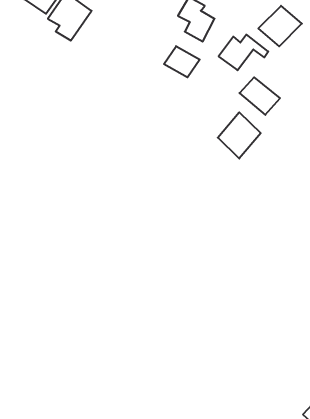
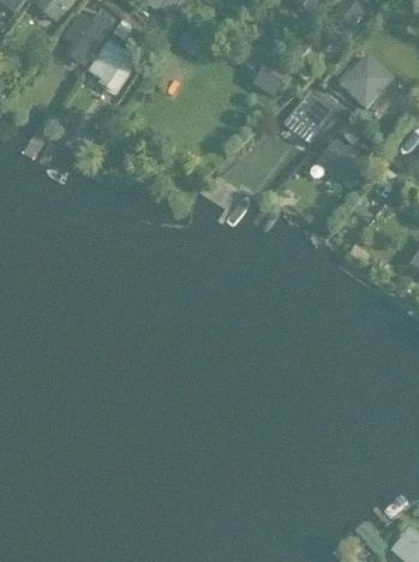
building: [164,46,200,77] -> none
building: [218,112,261,159] -> none

